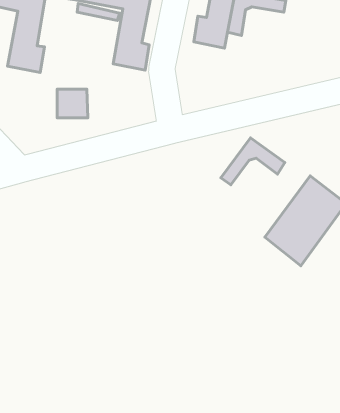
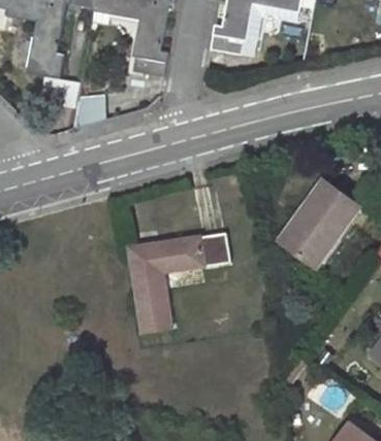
building: [221,138,285,185] -> none
building: none -> [127,233,229,334]

